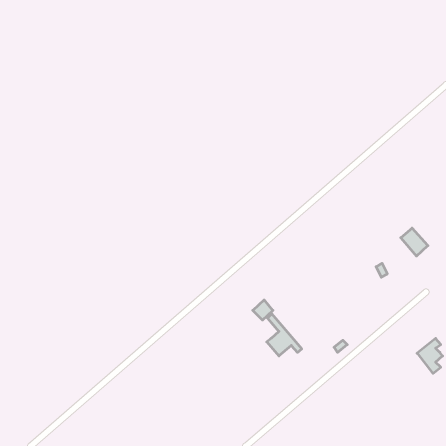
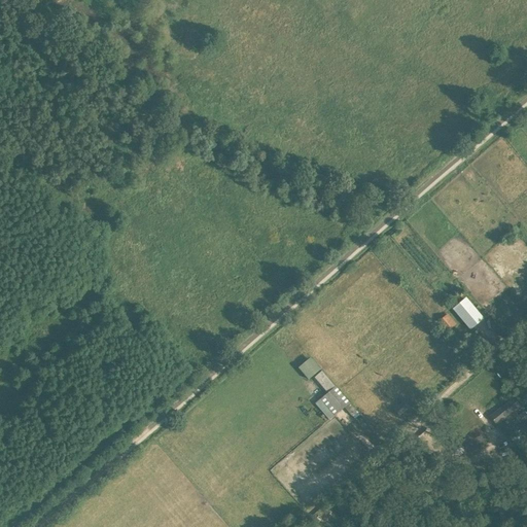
building: [401,228,428,256] -> [451,296,483,329]

